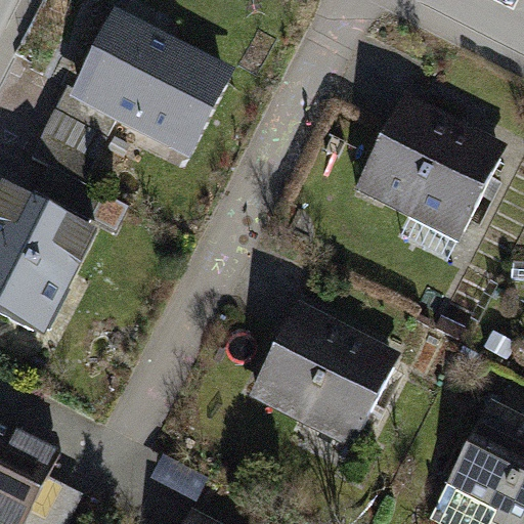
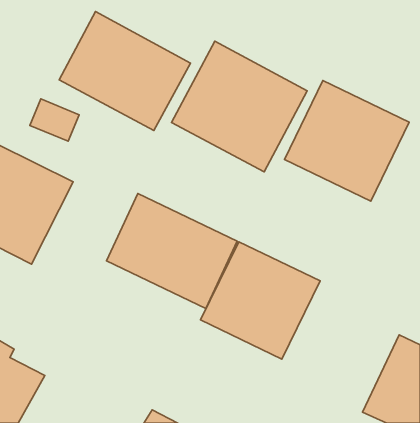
building: none -> [172,41,307,172]
building: none -> [107,194,237,308]

